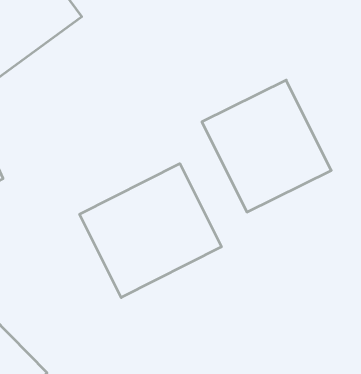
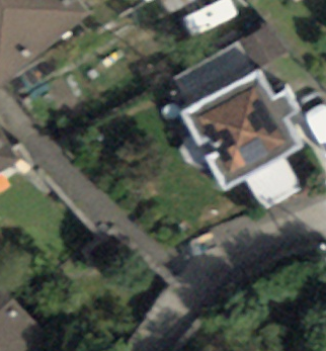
building: [80,164,221,298] -> none

